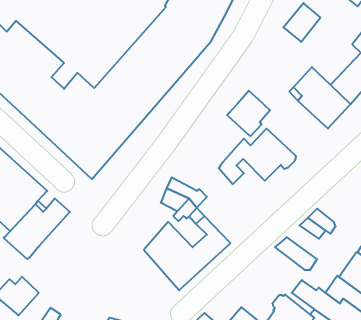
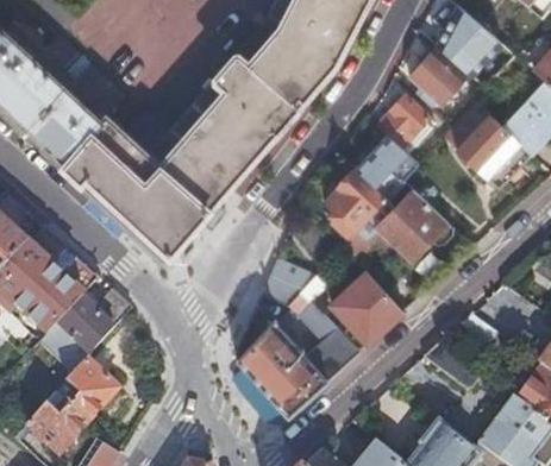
building: none -> [408,49,464,108]
building: none -> [375,95,426,147]
building: none -> [326,170,384,237]
building: none -> [330,271,402,345]
building: none -> [64,358,118,421]

